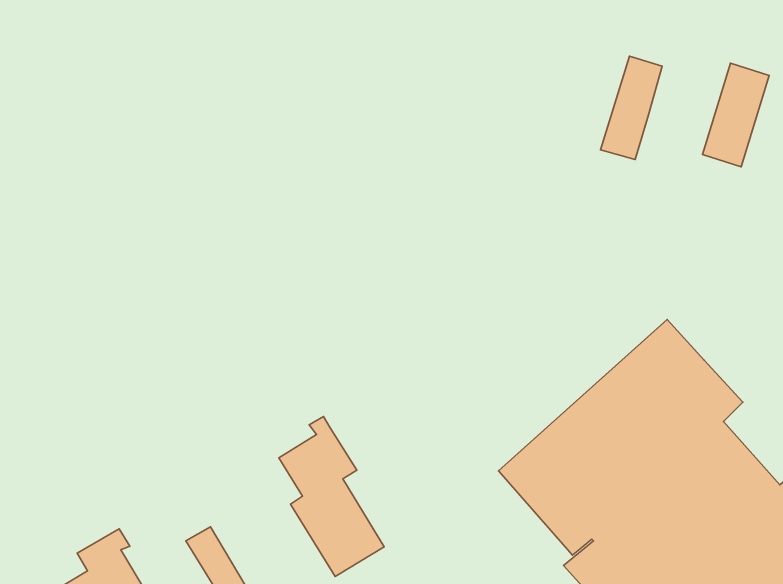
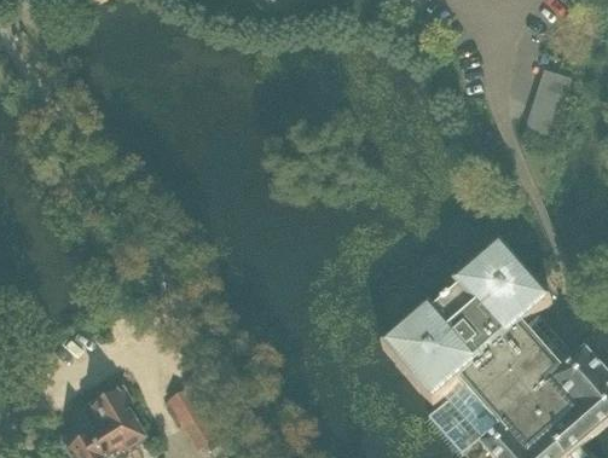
building: [600,56,662,159] -> none
building: [279,416,384,576] -> none

